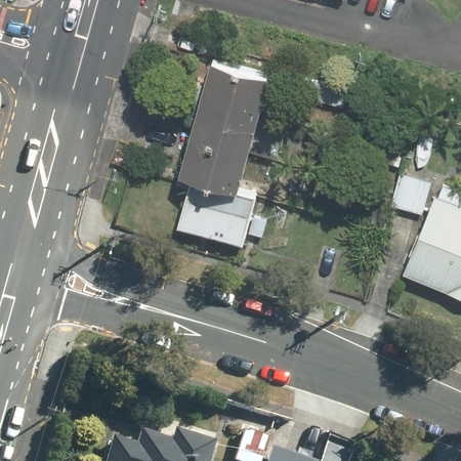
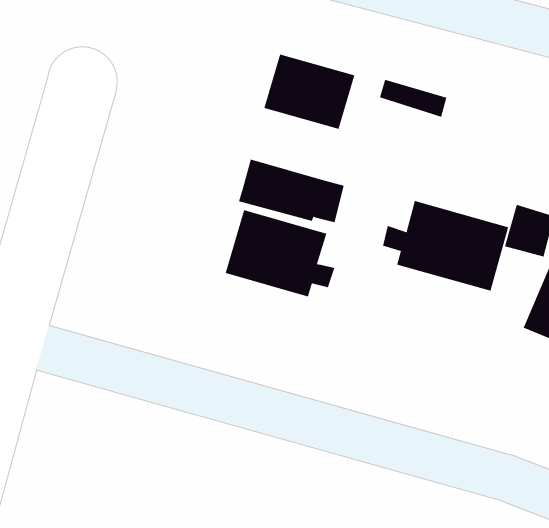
building: [196,97,264,153] -> none
building: none -> [383,200,509,292]

